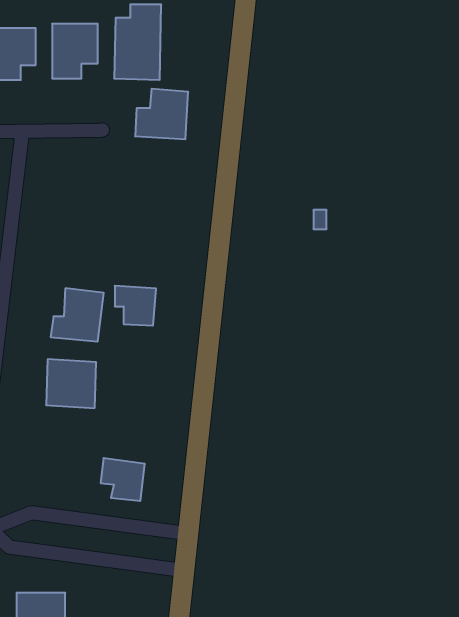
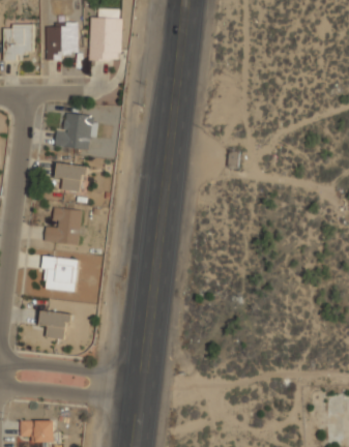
building: [135,89,188,139] -> [55,114,92,149]
building: [115,286,156,326] -> [57,163,86,191]
building: [101,458,145,501] -> [39,309,70,339]

